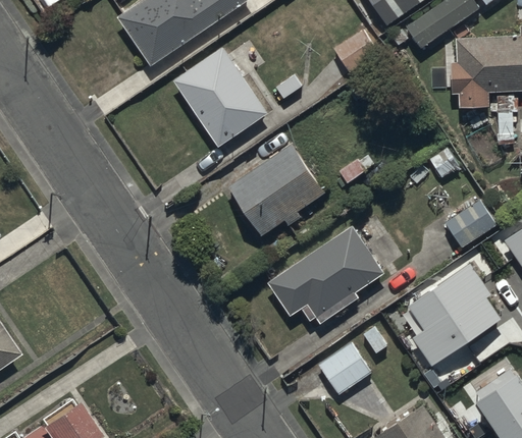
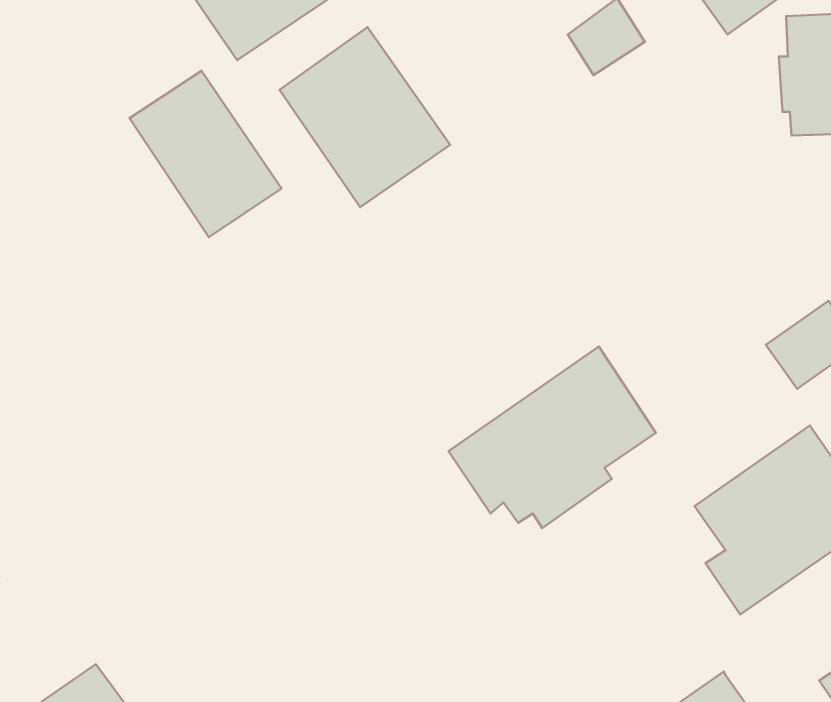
building: none -> [129,71,281,237]
building: [229,145,325,235] -> none
building: [316,341,372,397] -> none

